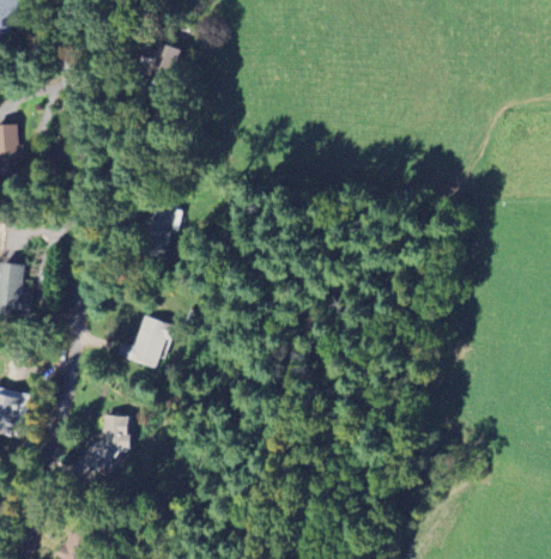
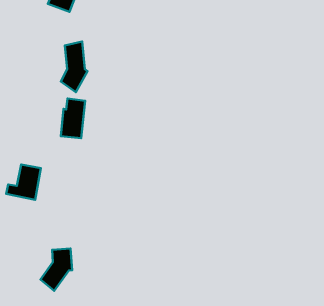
building: none -> [61,42,88,92]
building: [116,316,170,369] -> [6,164,41,200]

